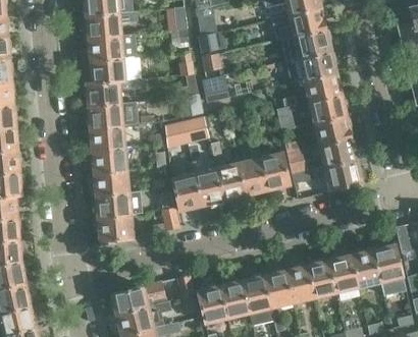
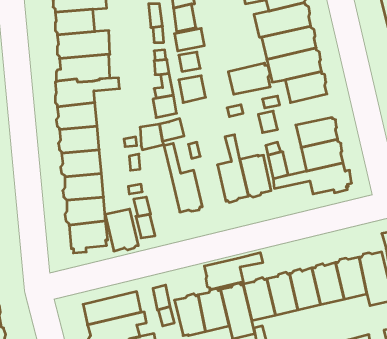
building: [308,94,348,123] -> [228,63,270,94]
building: [216,161,247,201] -> none
building: [171,171,203,211] -> [105,209,138,251]
building: none -> [204,253,263,290]

